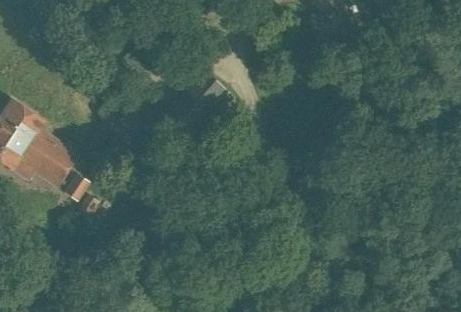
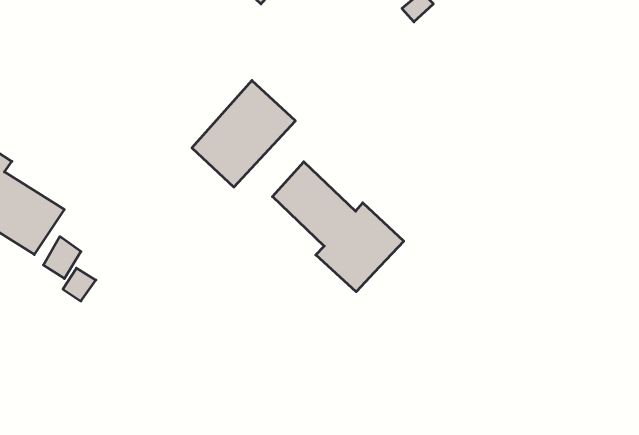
building: none -> [272,162,404,292]

